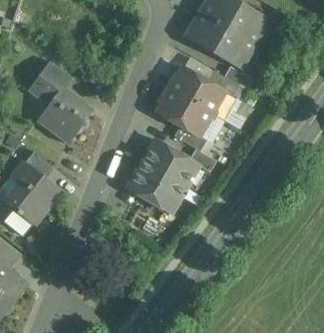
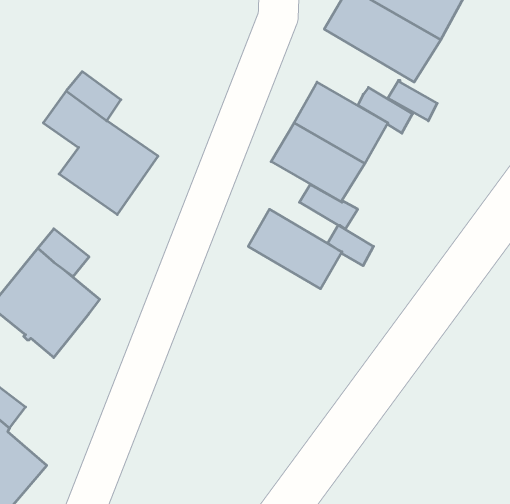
building: [128,160,186,213] -> none

